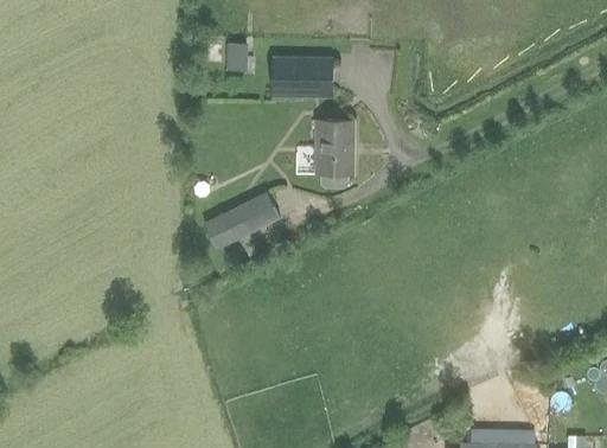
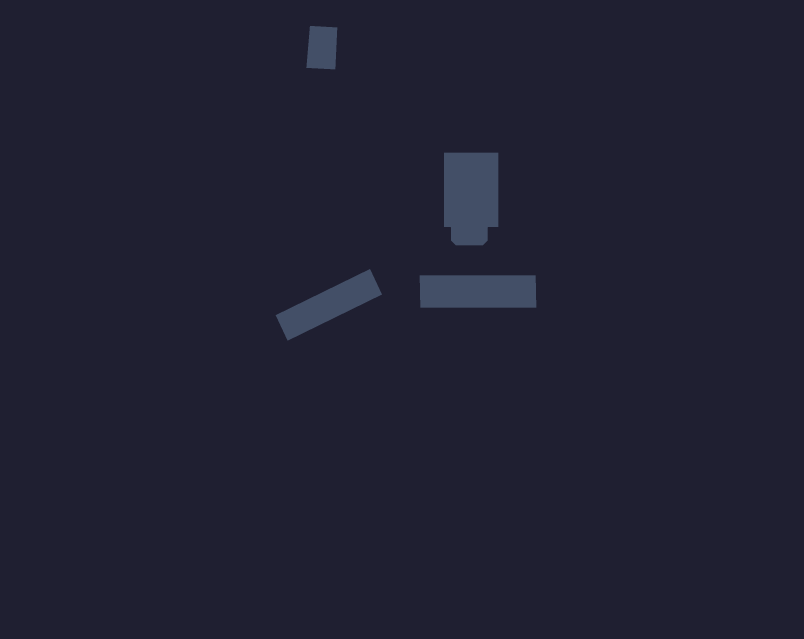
building: [267,56,328,96] -> none
building: none -> [419,275,537,309]

